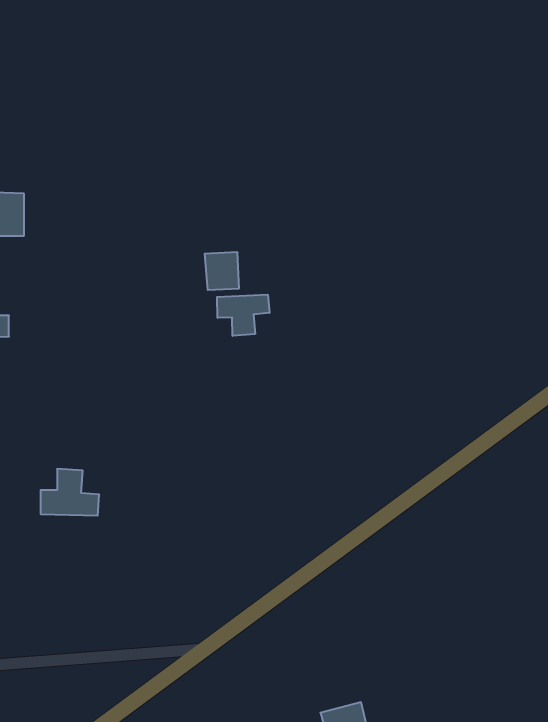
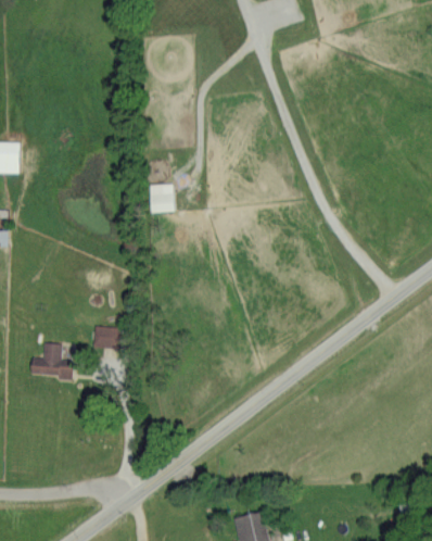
building: [217,295,269,336] -> none
building: none -> [92,325,119,348]

